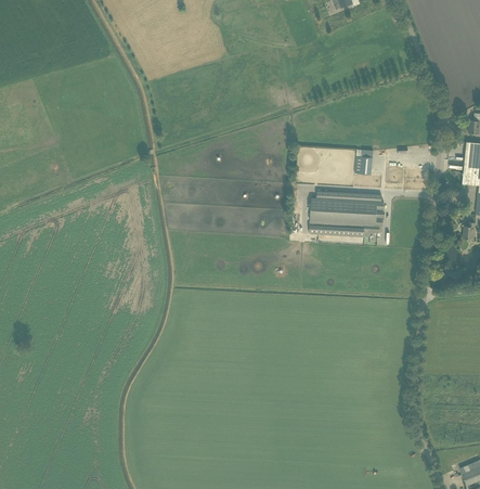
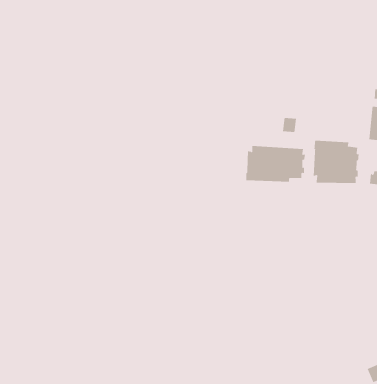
building: none -> [313,140,359,184]

